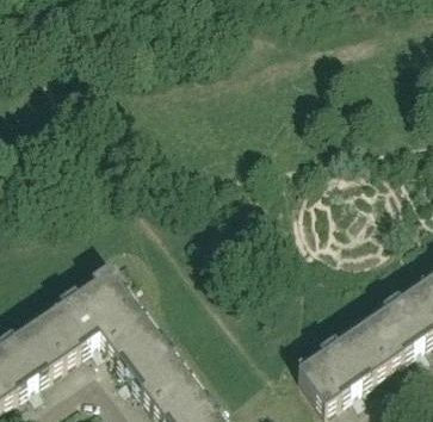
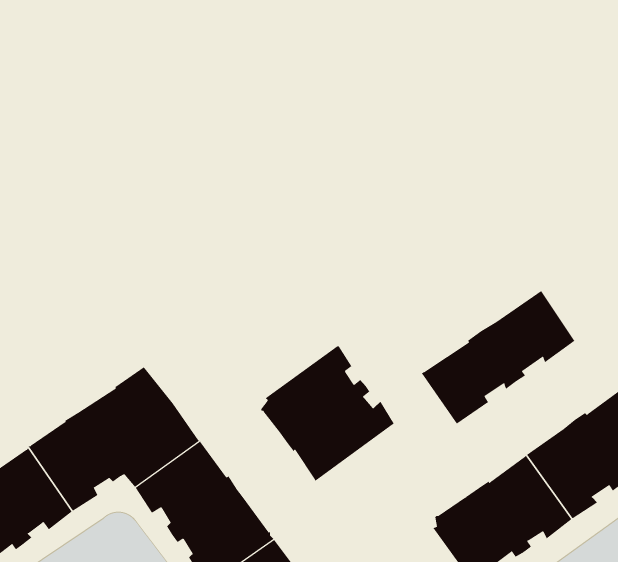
building: none -> [421,290,575,424]
building: none -> [260,345,394,482]

